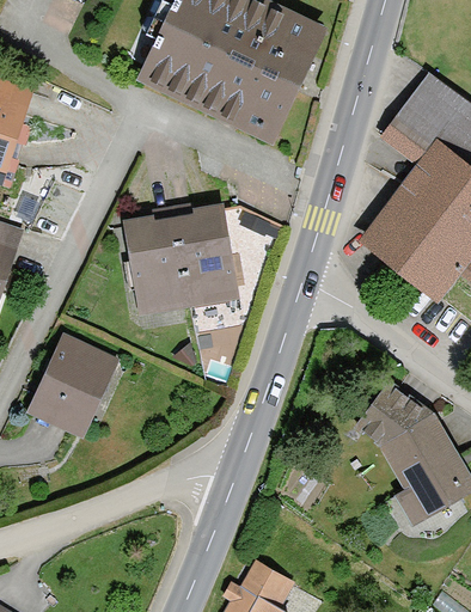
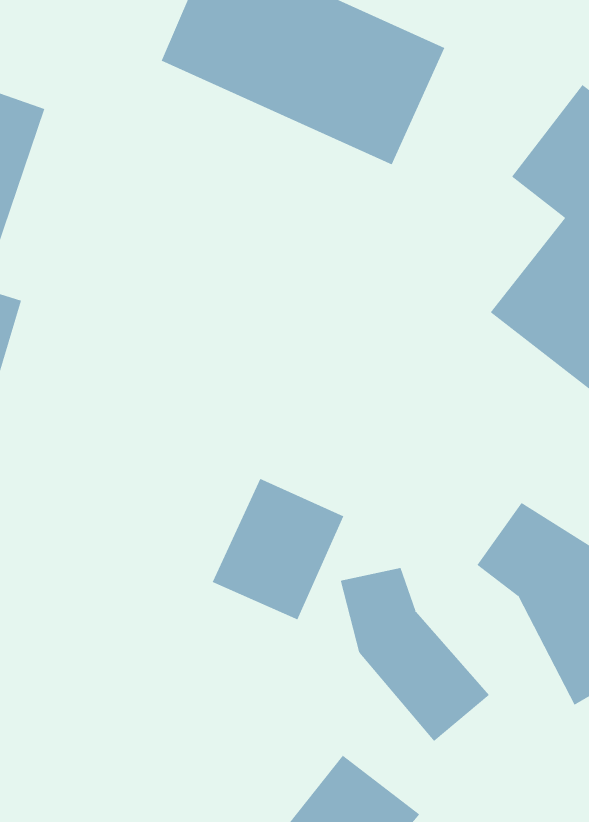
building: [117,204,249,319] -> none
building: [26,331,122,434] -> [212,478,344,620]
building: none -> [340,567,490,742]

